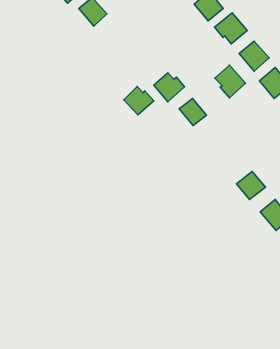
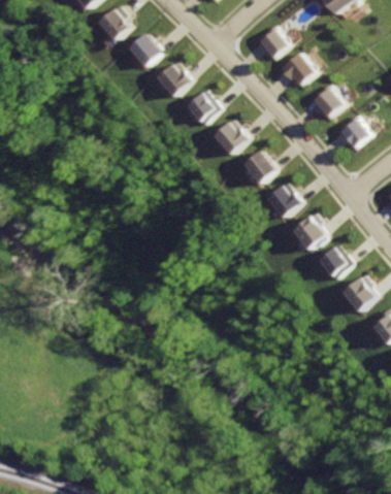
building: none -> [152,64,190,99]
building: [215,65,245,98] -> none
building: [124,87,154,115] -> [186,92,221,125]
building: none -> [266,185,302,218]
building: none -> [286,209,319,242]

